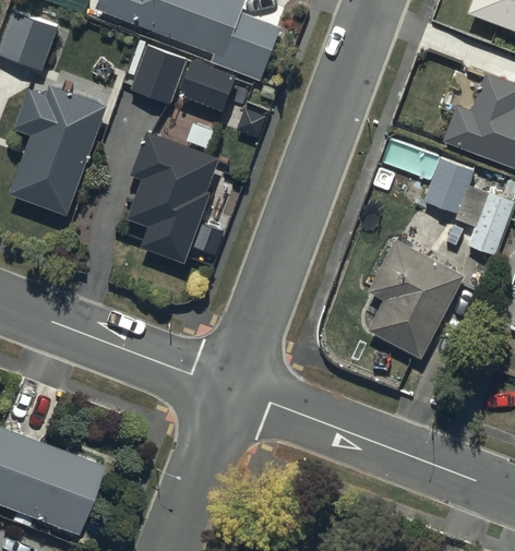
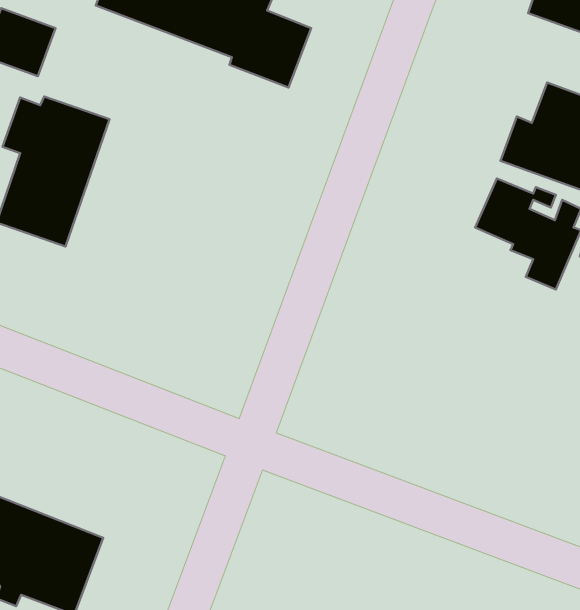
building: [130,45,236,107] -> none
building: [129,132,218,265] -> none
building: [366,239,464,360] -> none

